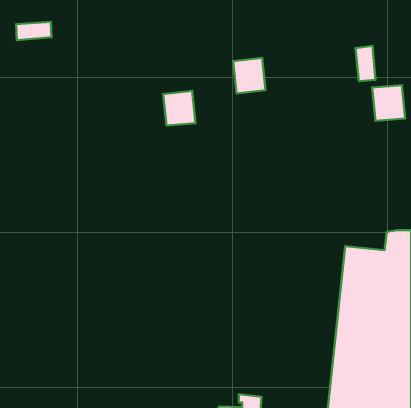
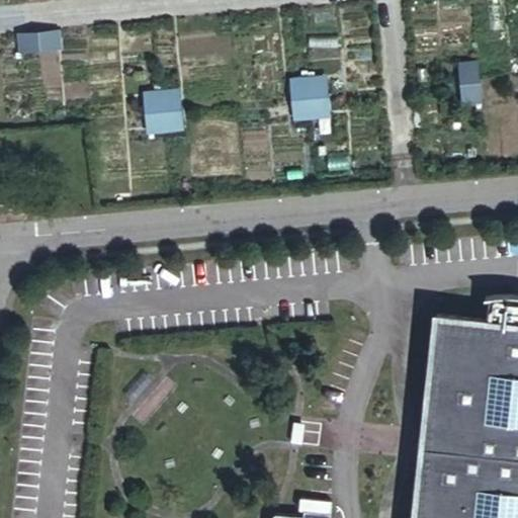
building: [372,85,405,121] -> none
building: [163,91,195,126] -> [147,90,187,134]

